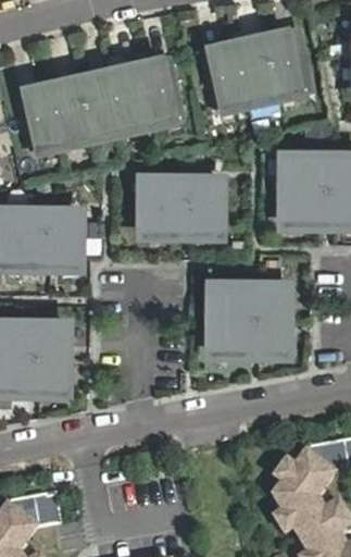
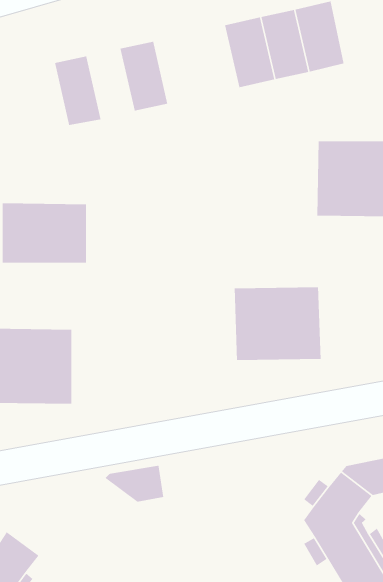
building: [139,57,185,121] -> none
building: [79,71,122,135] -> none
building: [17,84,63,148] -> none
building: [145,177,221,232] -> none
building: [8,491,61,524] -> [105,465,164,502]

